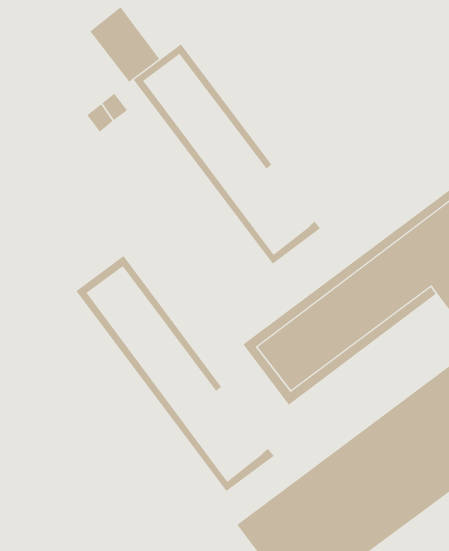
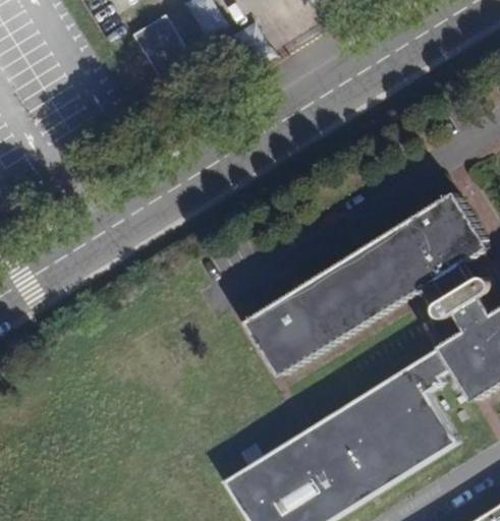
building: [133,43,321,264] -> none
building: [76,255,274,492] -> none

